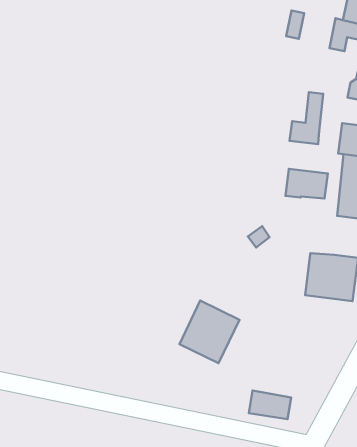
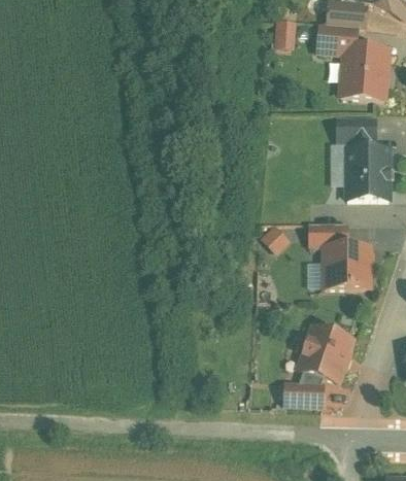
building: [290,92,323,144] -> none
building: [285,169,328,198] -> [309,220,346,246]
building: [179,301,239,363] -> [298,323,351,380]

